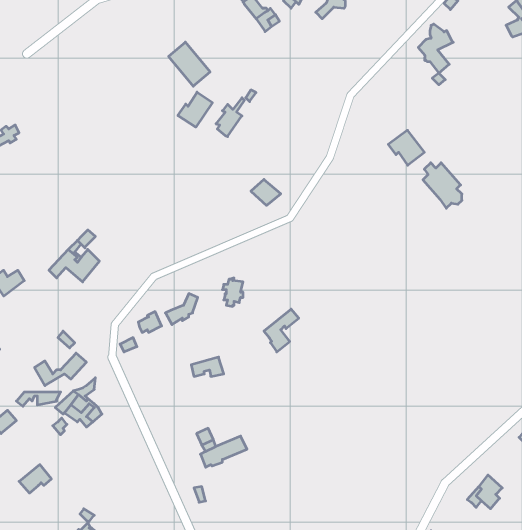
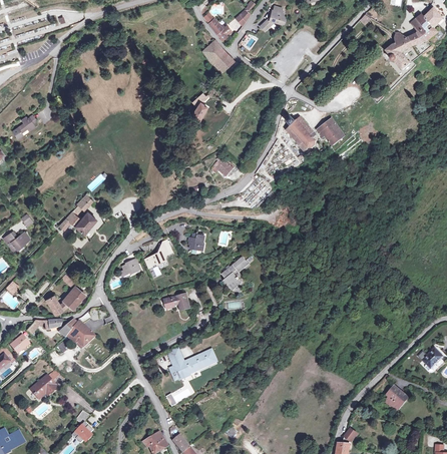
building: [418,24,453,73] -> [386,31,413,69]
building: [169,42,210,86] -> [201,39,234,73]
building: [178,92,212,127] -> none
building: [423,163,462,208] -> [286,115,316,150]

